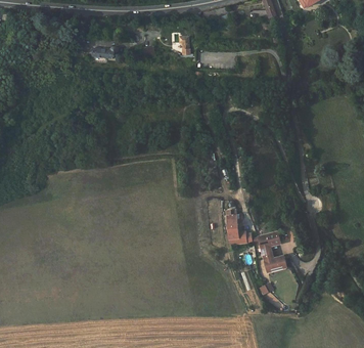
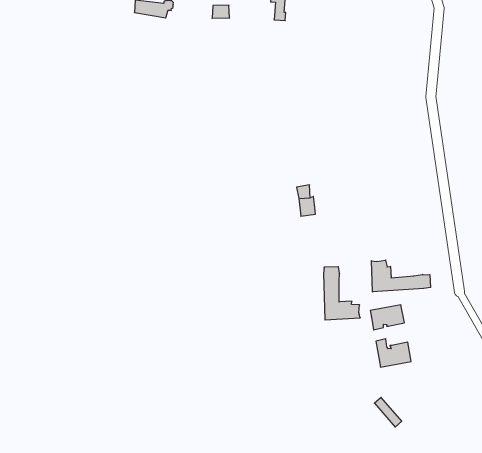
building: none -> [371,260,431,292]

